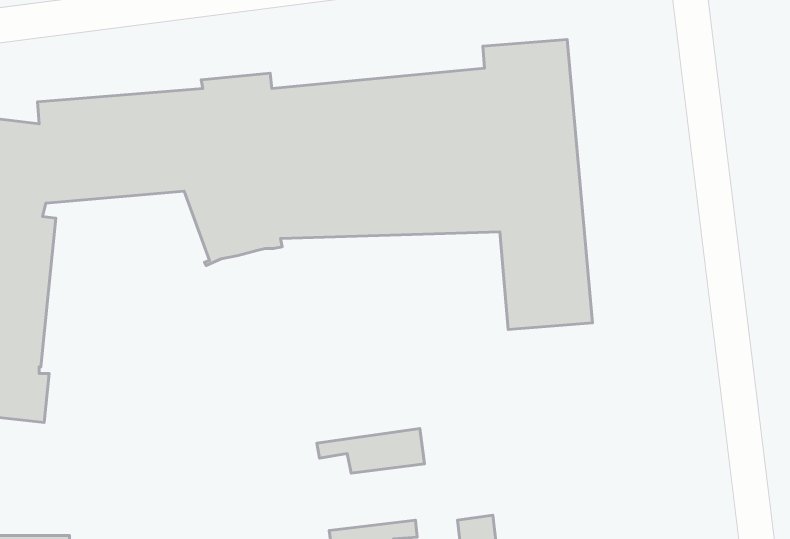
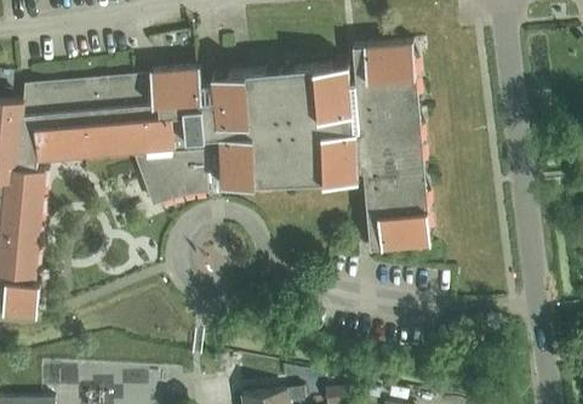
building: [317,429,424,473] -> none

